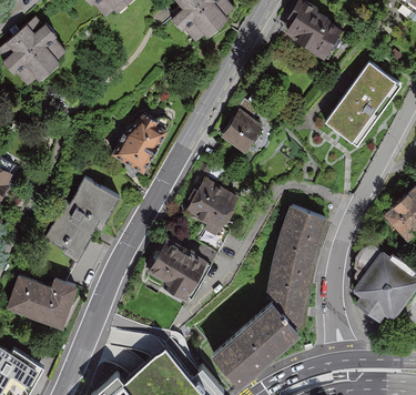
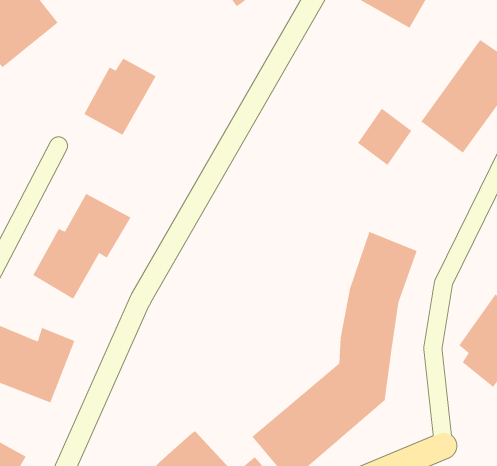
building: [222,110,262,152] -> [357,108,412,166]
building: [113,113,166,170] -> [83,58,156,135]
building: [184,175,239,231] -> none
building: [148,239,209,296] -> none

